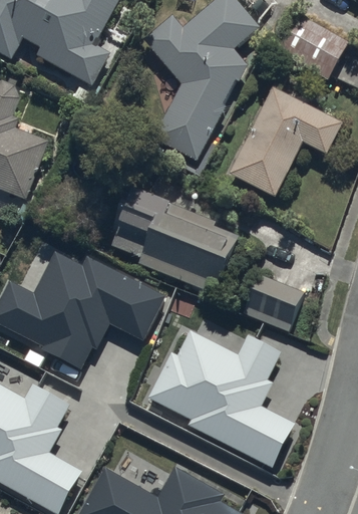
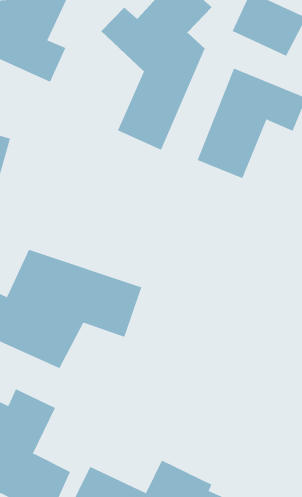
building: [107,189,242,294] -> none
building: [237,271,306,335] -> none
building: [144,326,297,467] -> none

